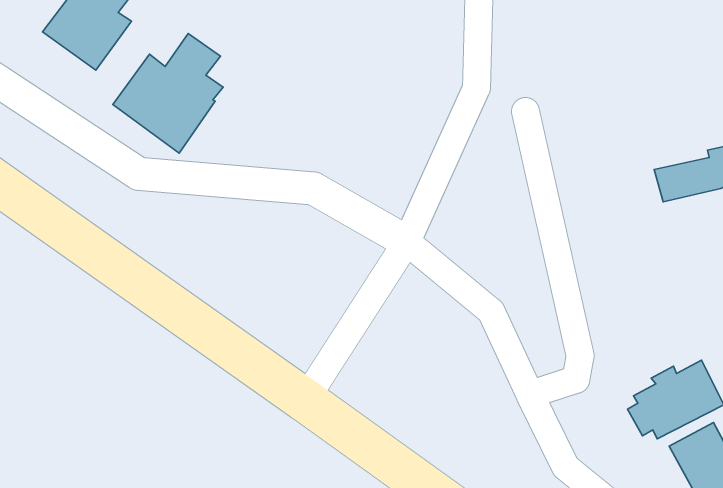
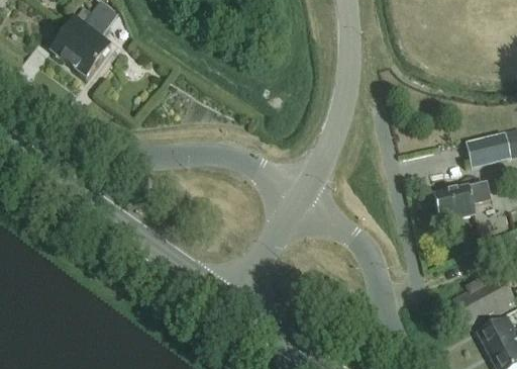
building: [113,33,223,153] -> none
building: none -> [433,181,491,220]

